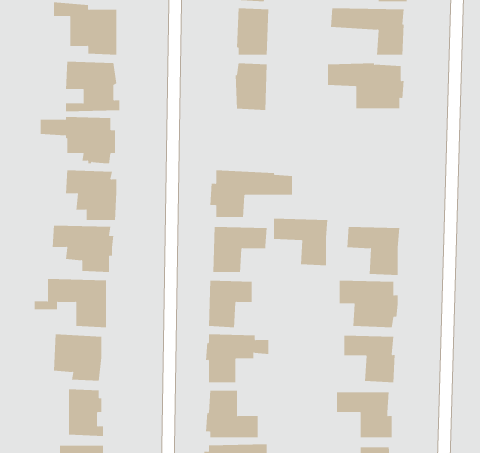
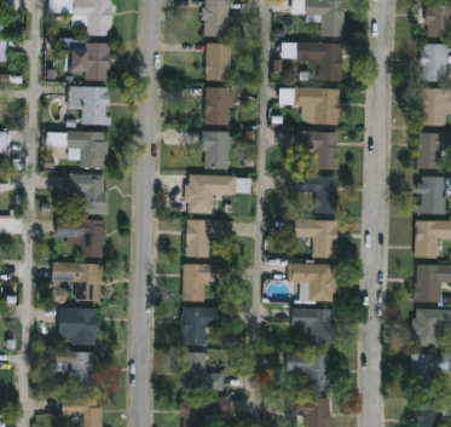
building: none -> [299,129,340,168]
building: none -> [202,131,238,169]
building: [273,218,328,266] -> [294,174,339,213]

